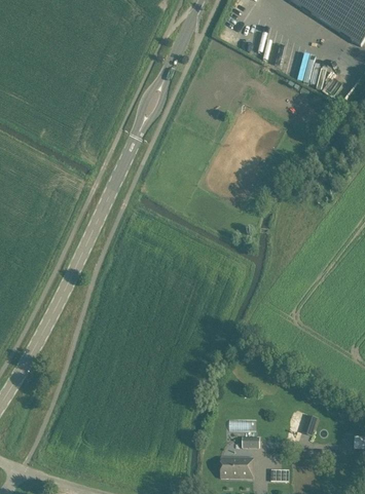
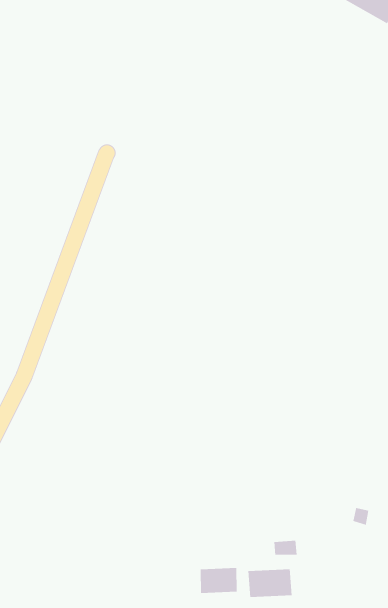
building: none -> [200,567,237,594]

